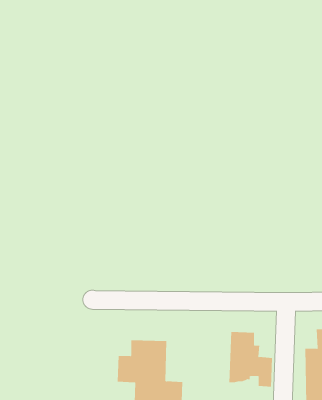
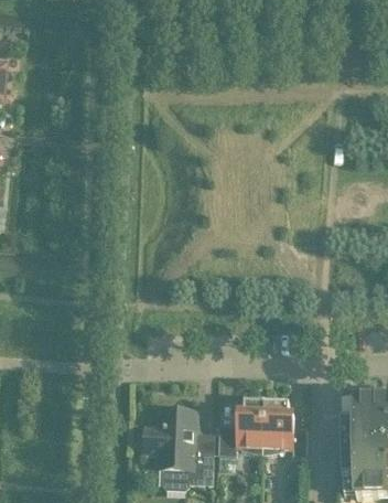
building: none -> [217,397,262,453]

